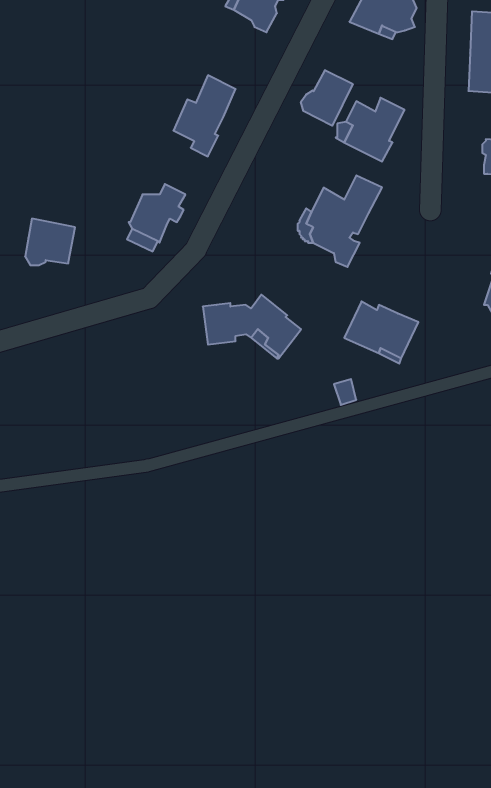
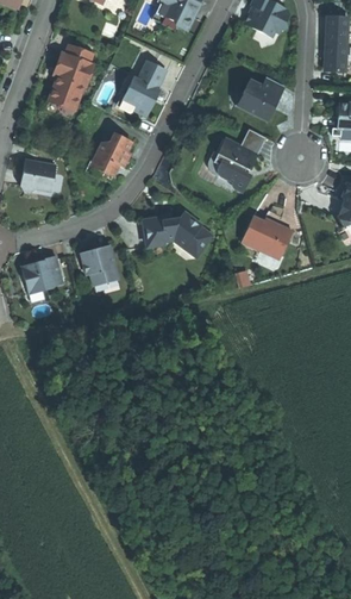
building: none -> [48,54,94,111]
building: [301,70,353,126] -> none
building: none -> [80,245,117,286]
building: none -> [20,256,63,294]

